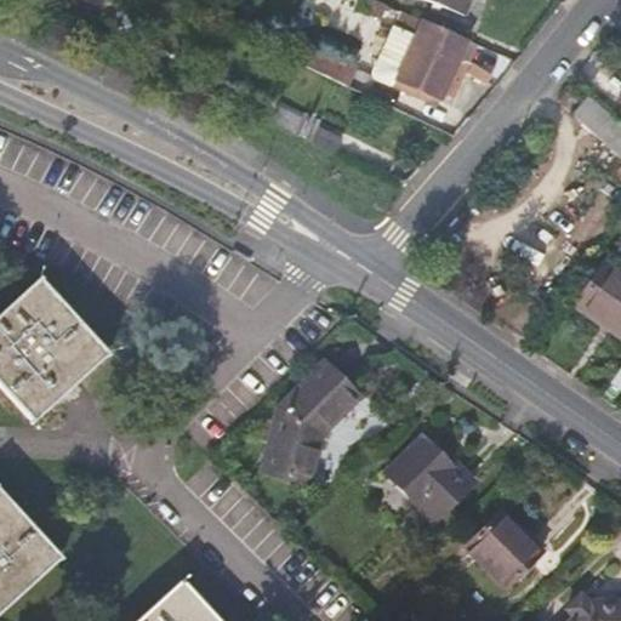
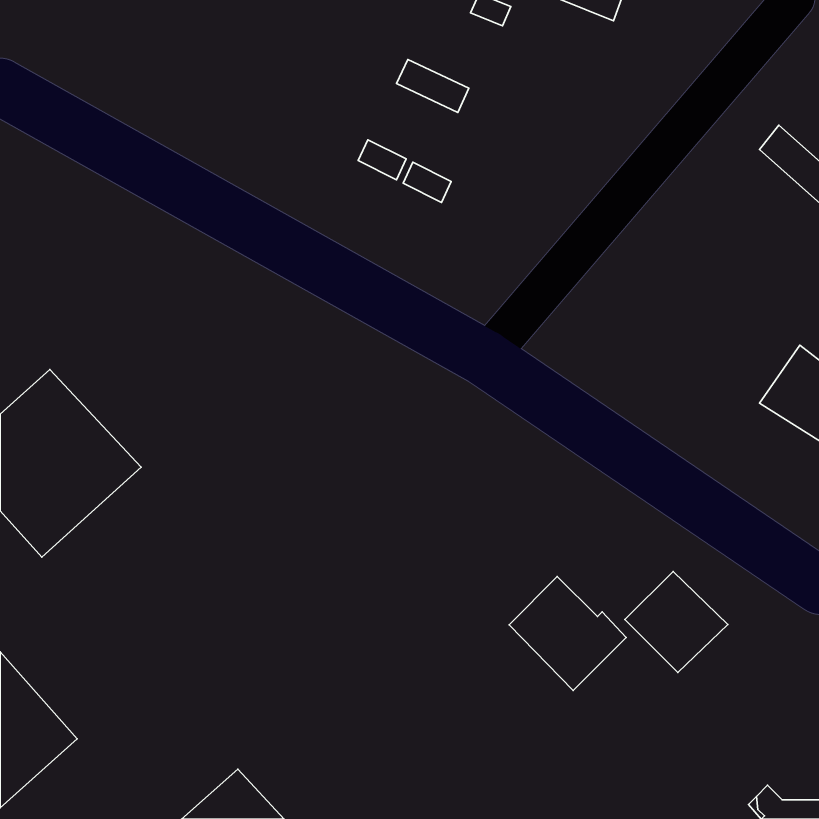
building: [374,12,467,98] -> none
building: [261,360,359,483] -> none
building: [465,511,542,587] -> [625,571,728,673]

